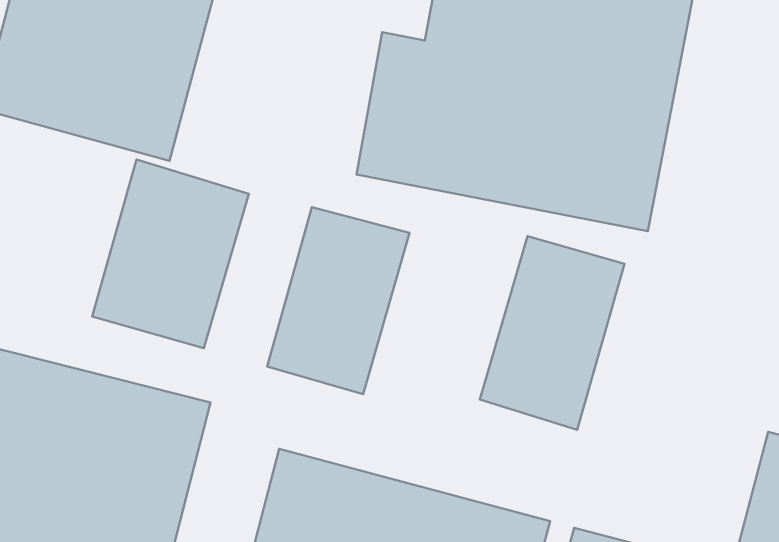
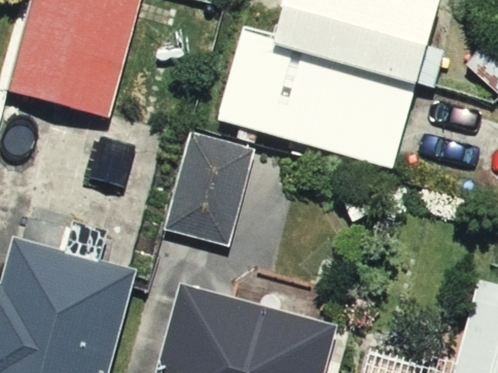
building: [92,160,249,348] -> none
building: [480,236,624,430] -> none

